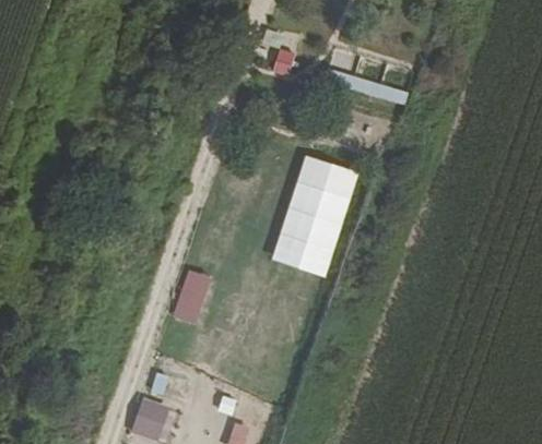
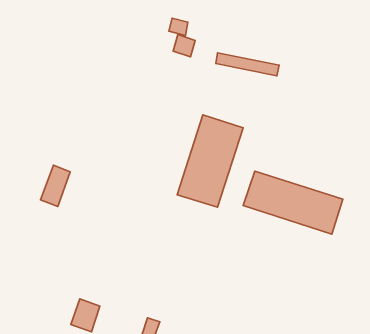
building: none -> [243,171,343,234]
building: [173,268,212,323] -> [40,165,70,207]

